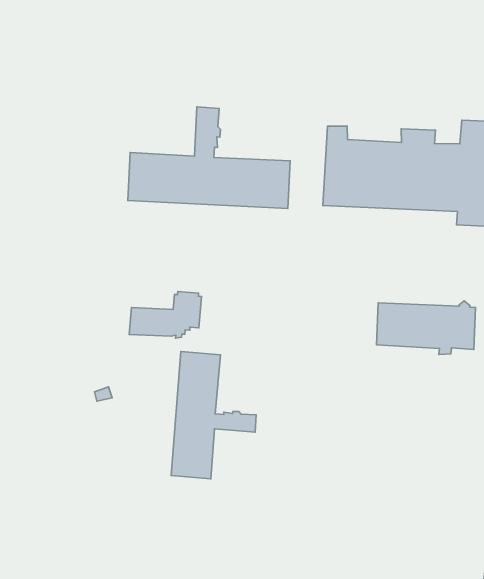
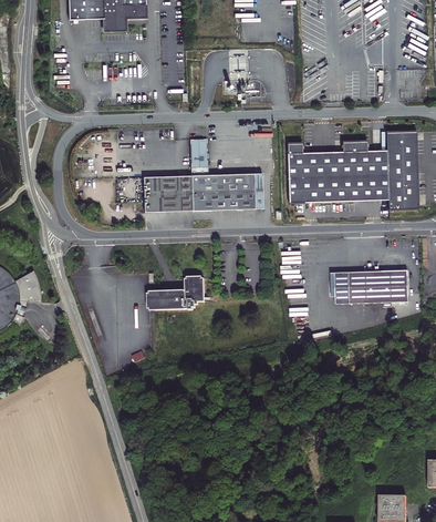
building: [171,352,256,479] -> none

